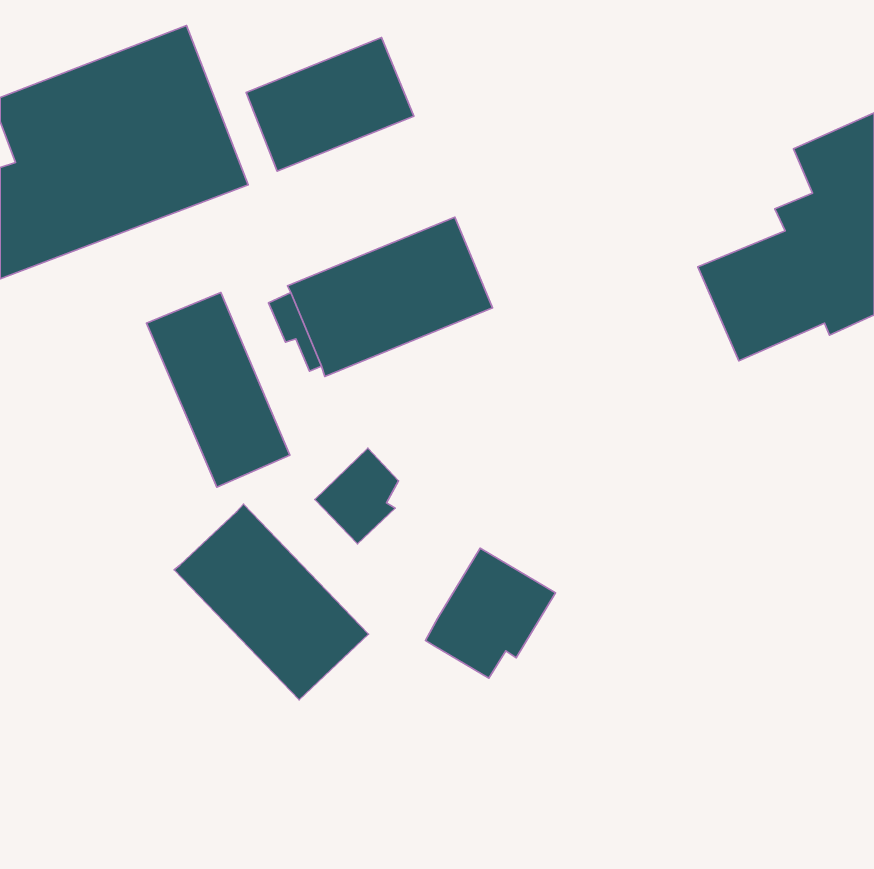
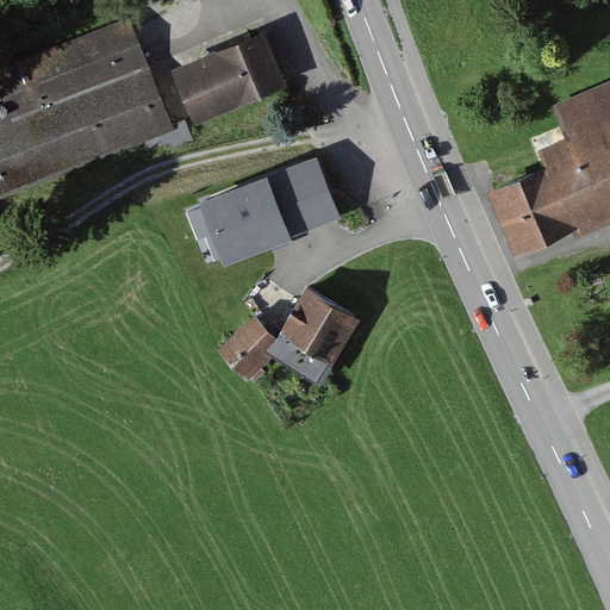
building: [146,292,290,487] -> none
building: [174,504,369,700] -> none
building: [426,548,556,678] -> [269,290,360,380]

